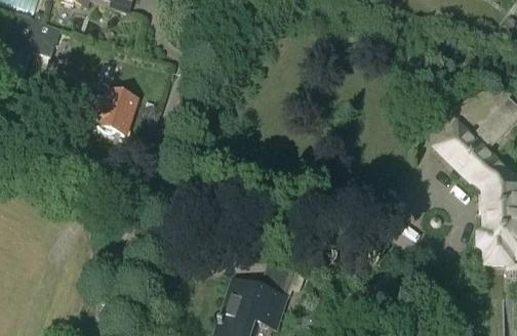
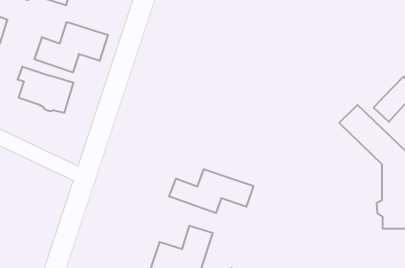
building: none -> [34,22,108,72]
building: none -> [169,169,253,213]

